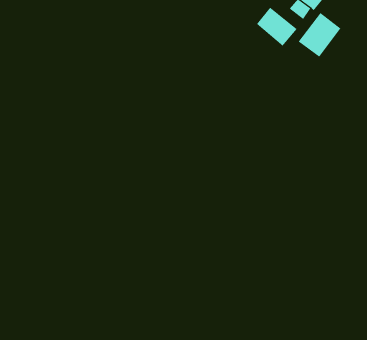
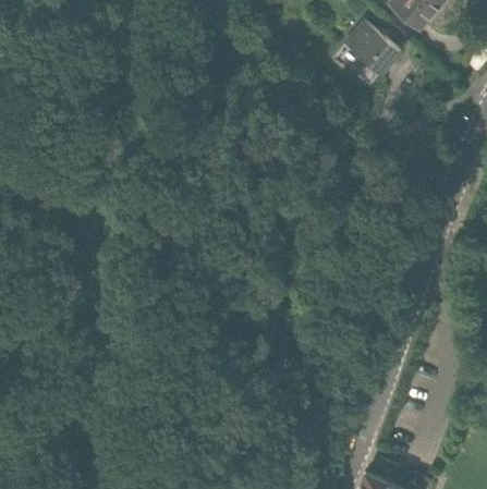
building: [298,12,341,58] -> none

